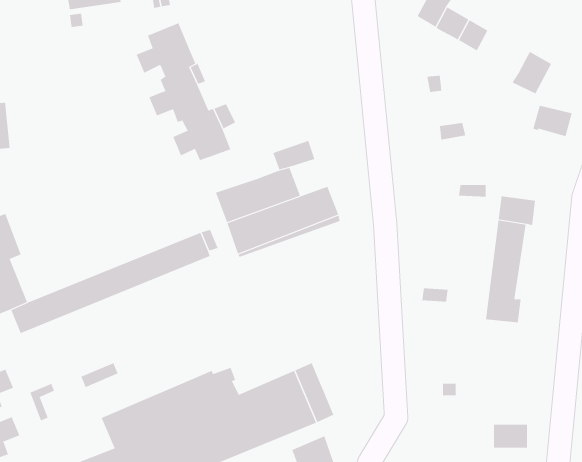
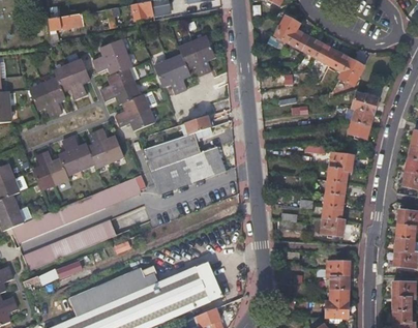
building: none -> [154,36,214,94]
building: none -> [316,44,350,71]
building: none -> [30,60,91,117]
building: none -> [349,109,374,138]
building: none -> [33,128,124,189]
building: none -> [24,216,120,269]
building: none -> [327,261,350,301]

